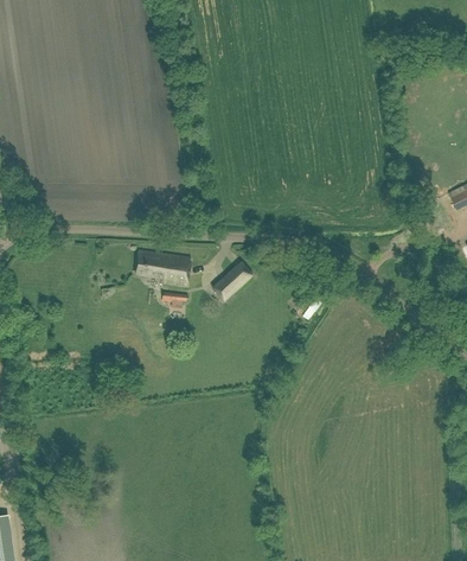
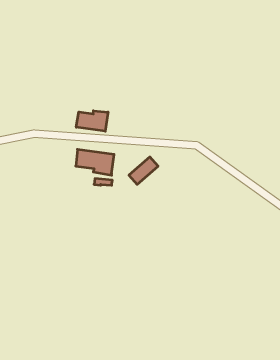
building: none -> [76,111,108,131]

